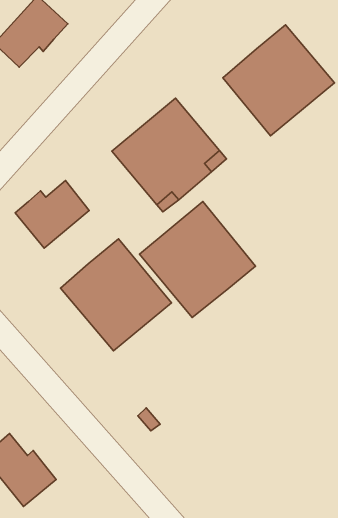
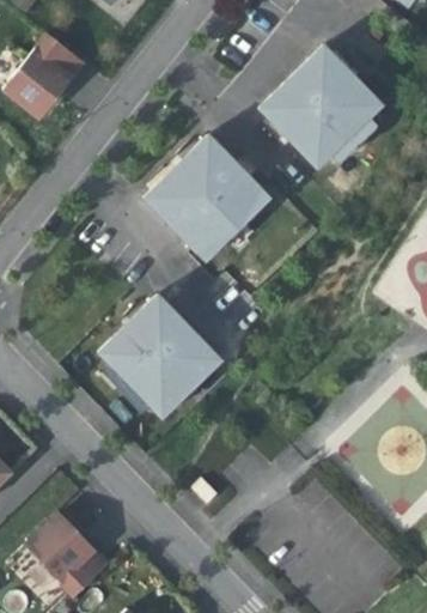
building: [15,181,89,248] -> none
building: [139,202,255,318] -> none

